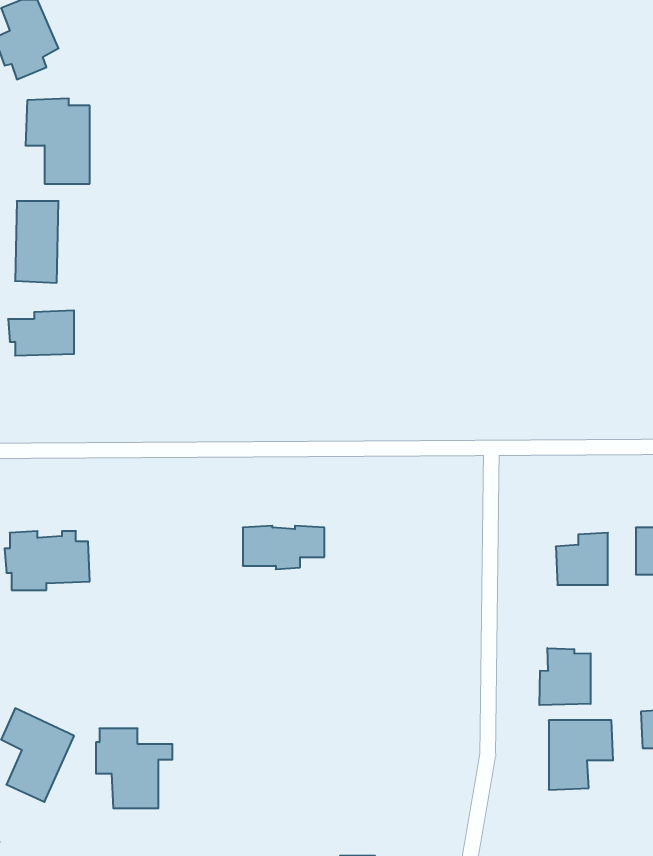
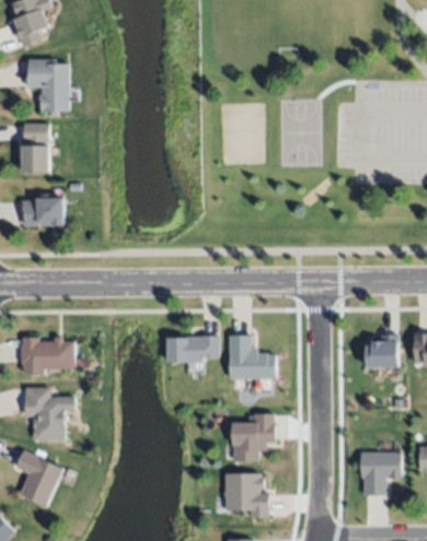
building: none -> [228,337,276,380]
building: [539,648,591,705] -> none
building: none -> [231,411,274,459]
building: [96,728,172,808] -> [23,387,71,437]
building: none -> [224,471,270,514]

